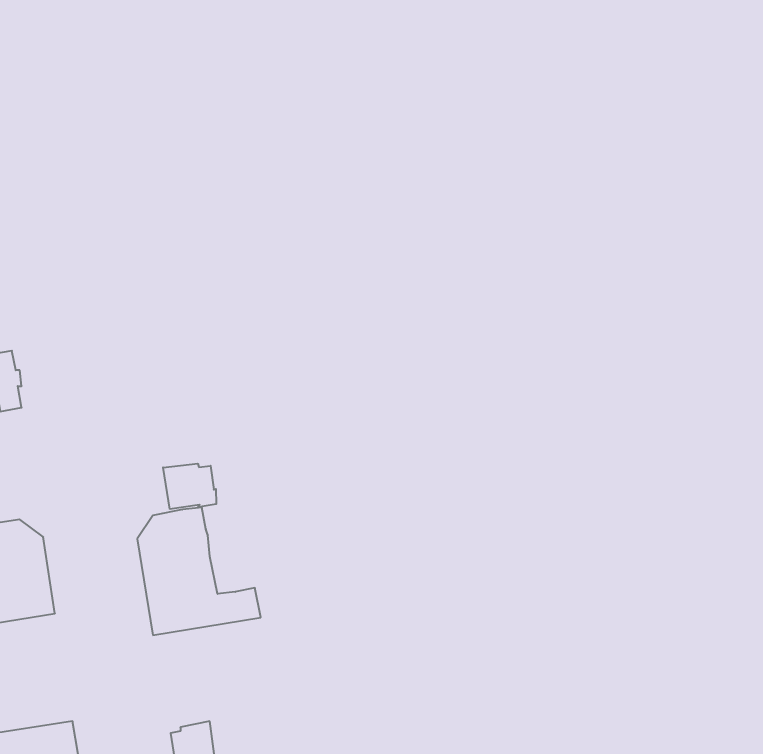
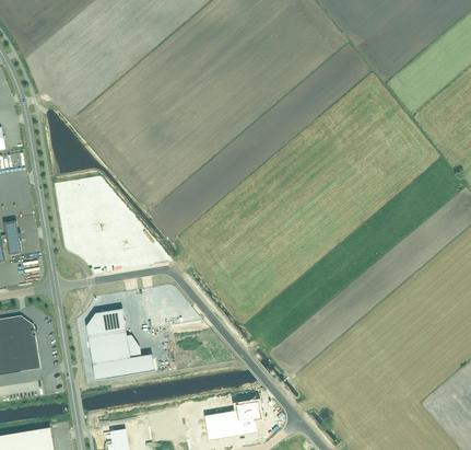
building: [163,464,216,509] -> none
building: none -> [203,401,260,440]

